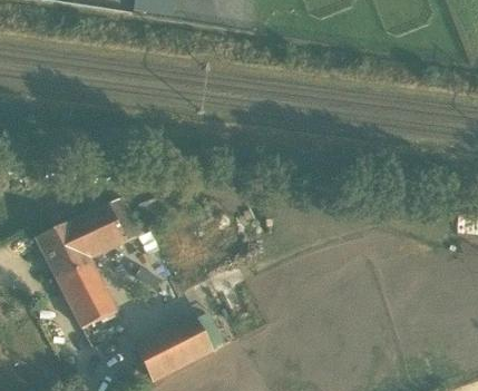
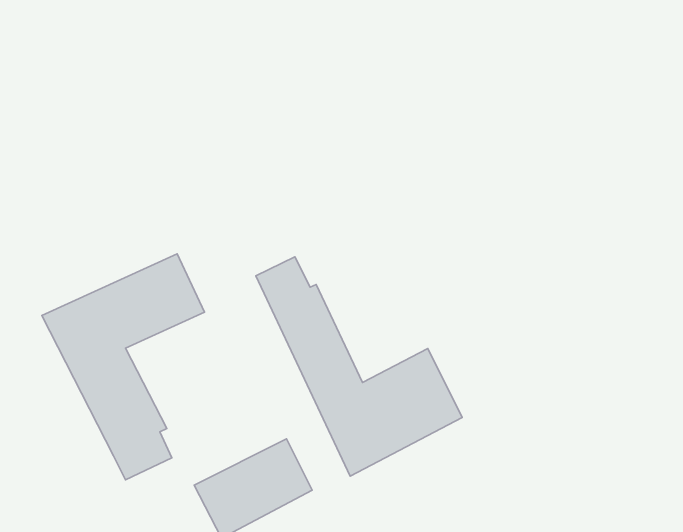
building: none -> [256,257,462,476]

